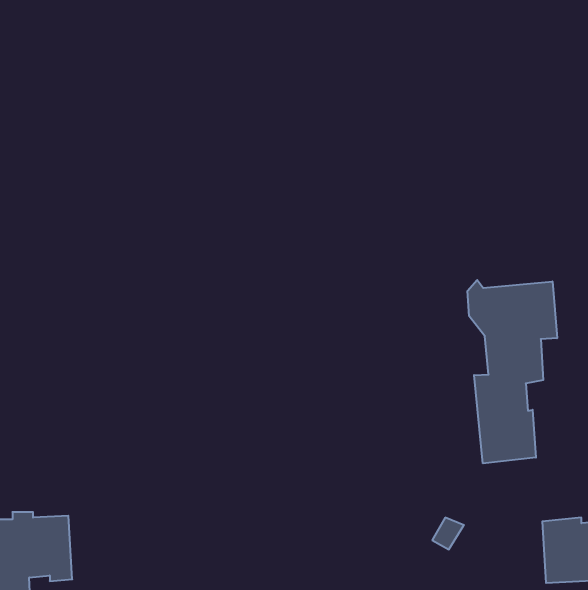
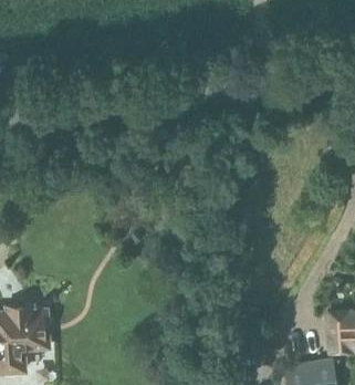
building: [467,280,557,463] -> none

